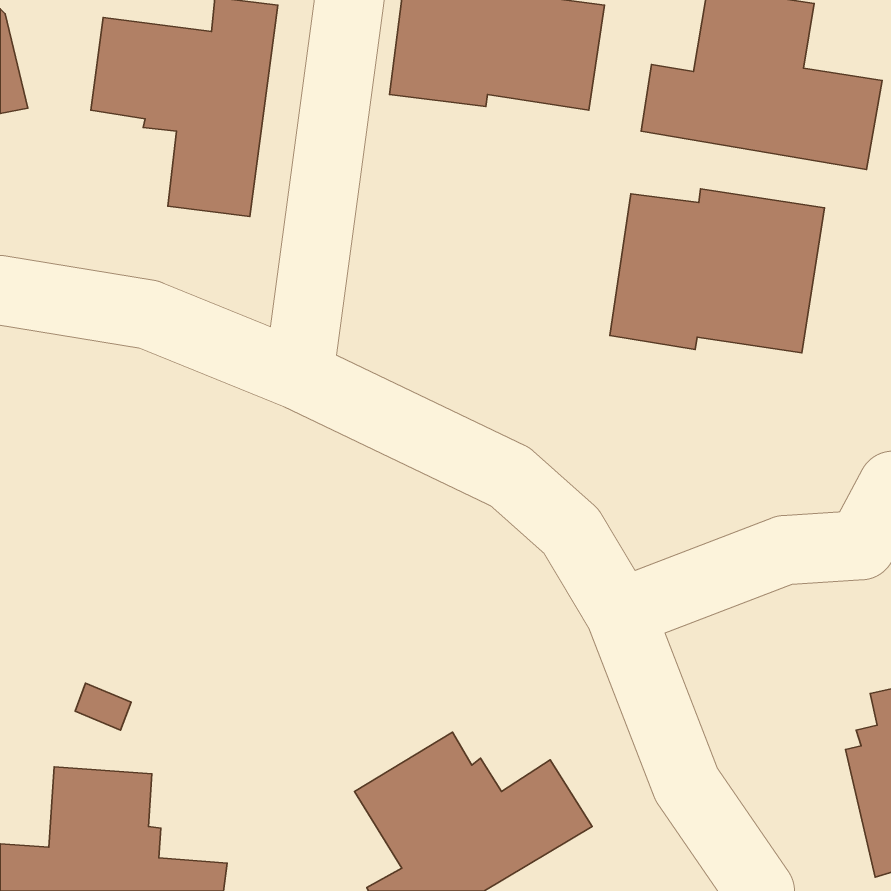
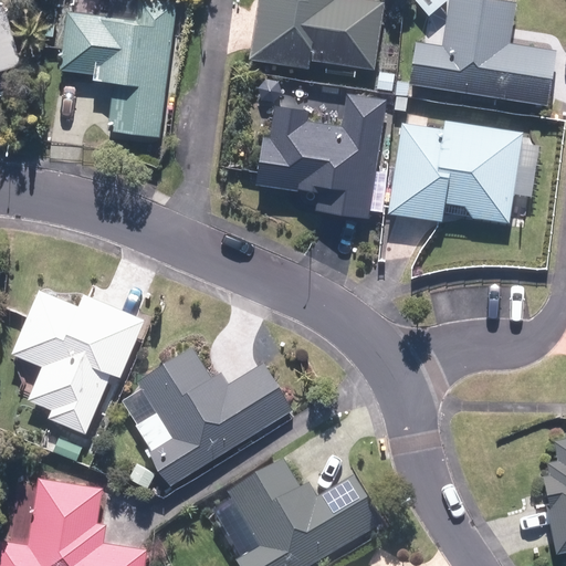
building: none -> [255,94,386,217]
building: none -> [12,285,144,436]
building: none -> [119,347,286,485]

